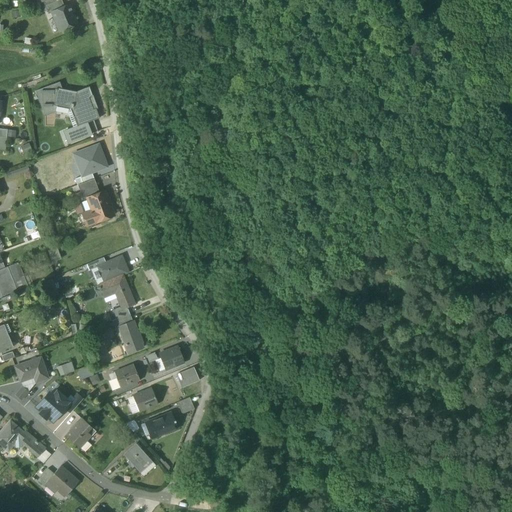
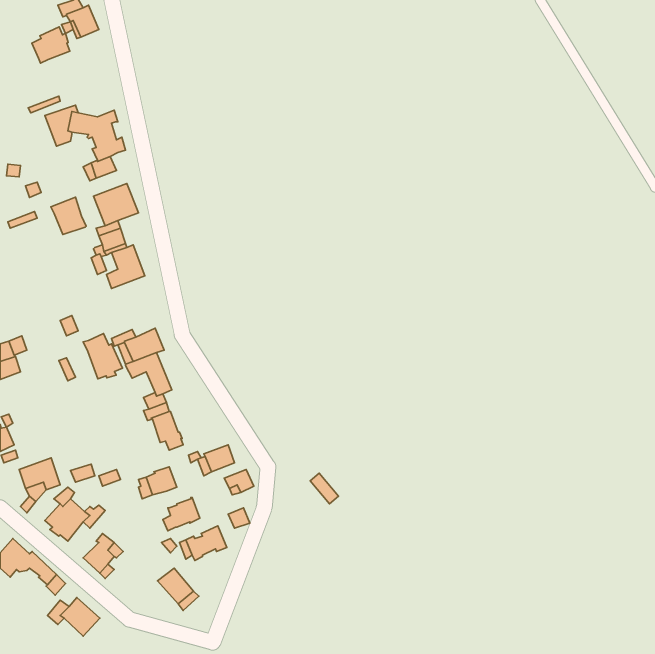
building: none -> [32,27,70,63]
building: none -> [51,197,86,235]
building: none -> [83,334,122,379]

